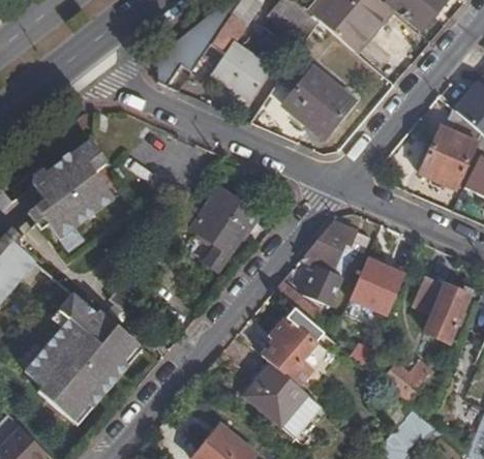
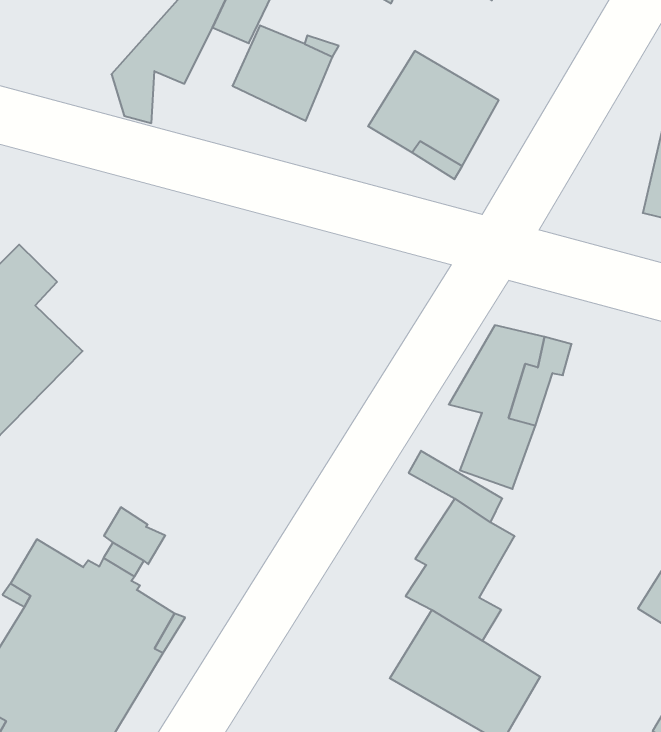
building: [191,188,255,270] -> none
building: [345,257,400,317] -> none

